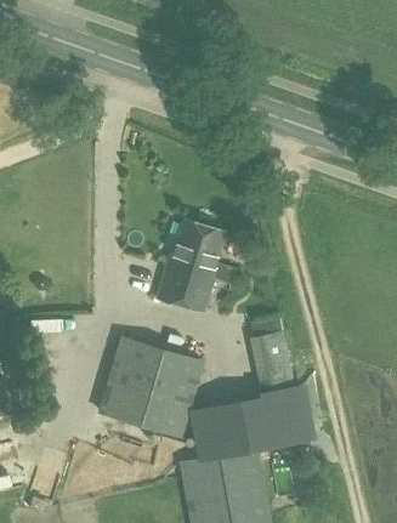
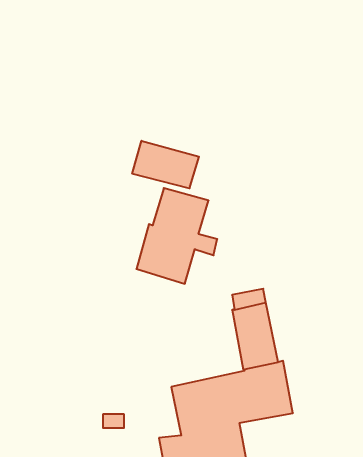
building: none -> [132,141,199,188]
building: [97,339,202,434] -> none

